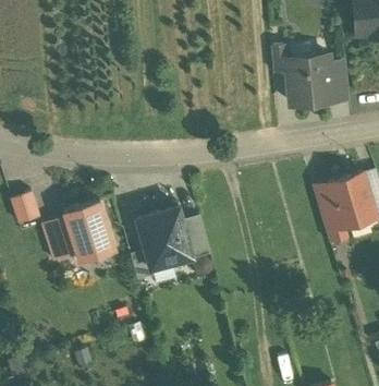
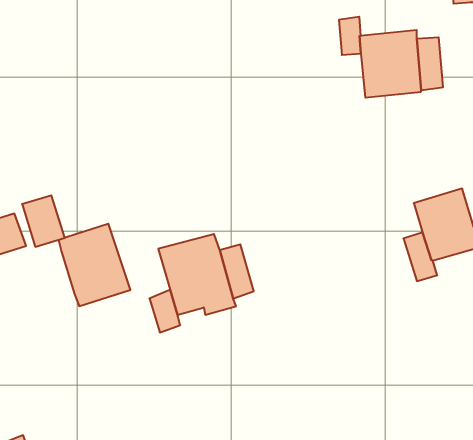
building: [44,219,75,257] -> [22,195,65,247]

